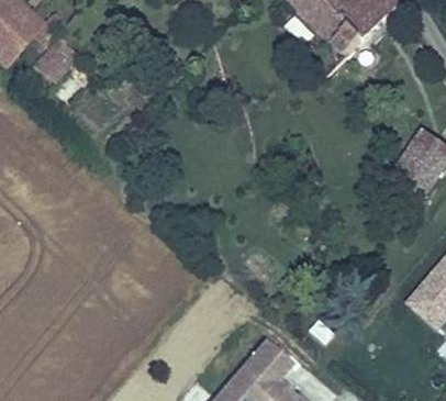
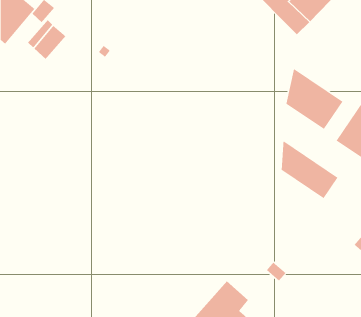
building: none -> [286,68,343,130]
building: none -> [281,140,339,199]

